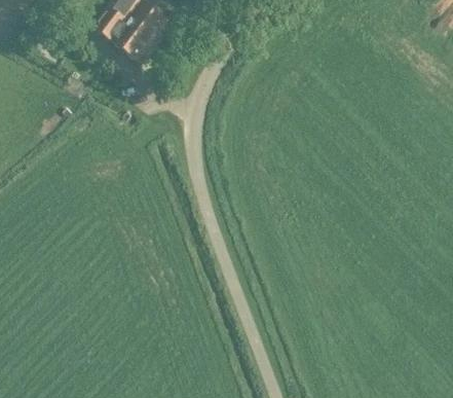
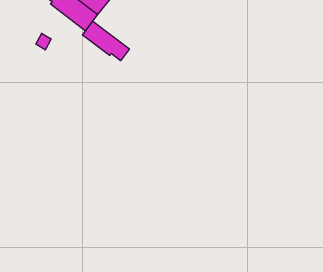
building: none -> [82,21,129,61]

